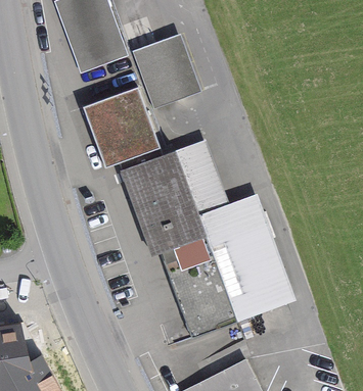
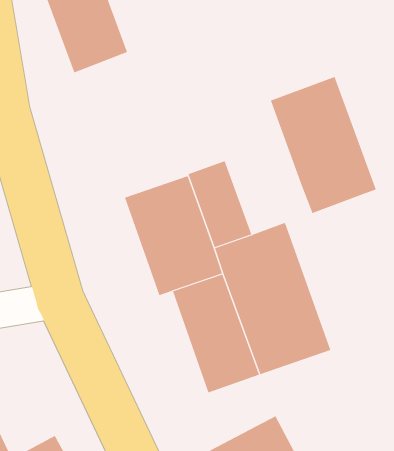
building: [131,34,200,109] -> none
building: none -> [270,76,377,214]
building: [81,89,158,170] -> none

